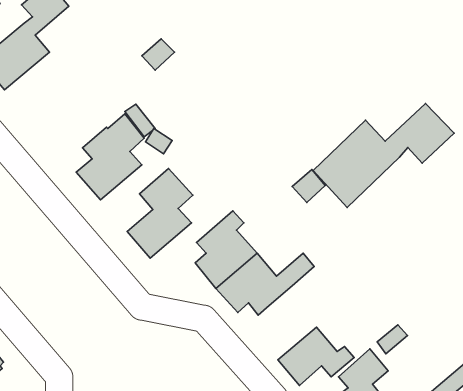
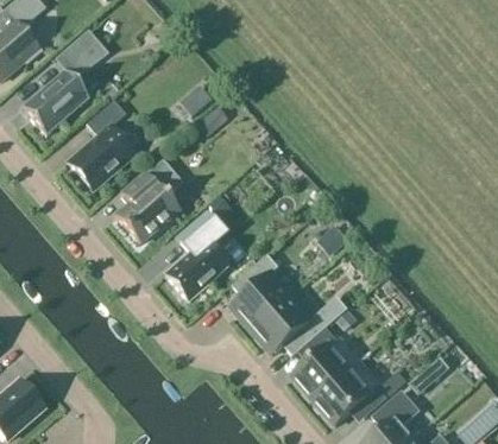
building: none -> [69,100,133,189]
building: [313,103,454,207] -> none
building: none -> [292,326,351,399]

